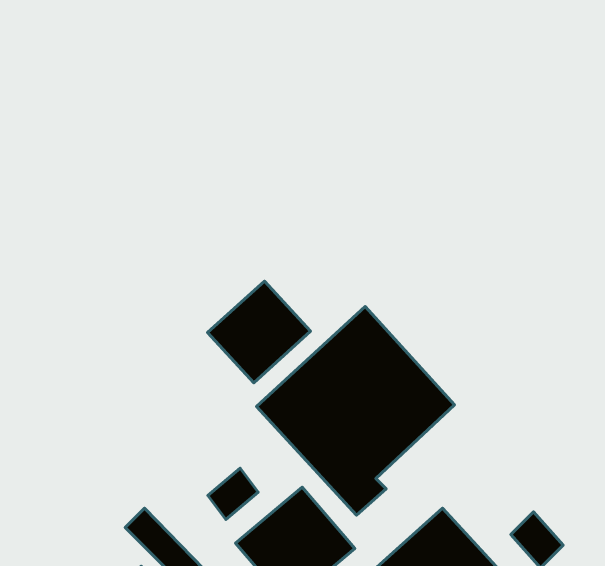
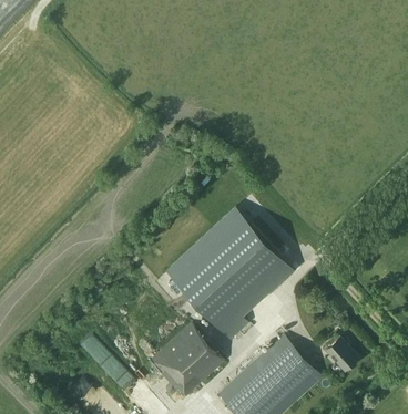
building: [208,281,310,383] -> none
building: [208,468,258,520] -> none

